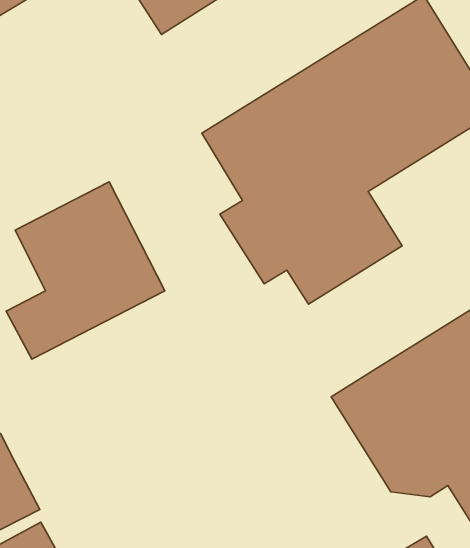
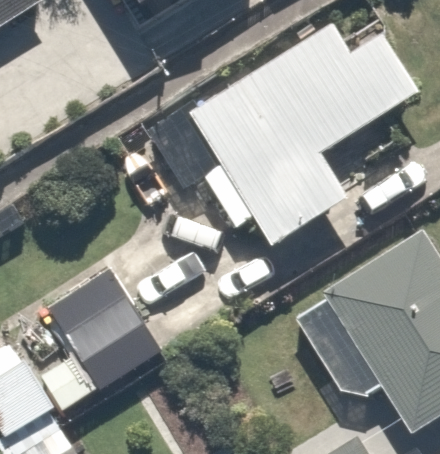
building: [6,182,165,359] -> [38,265,163,405]

